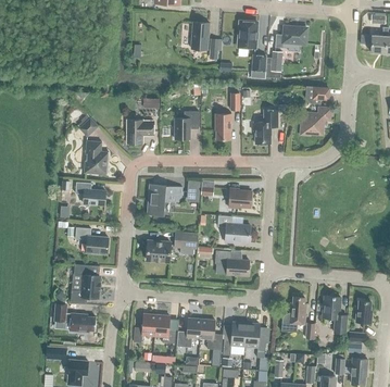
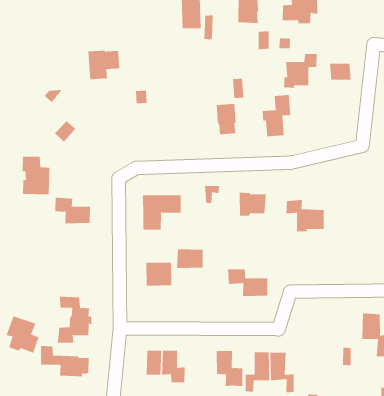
building: [300,107,330,135] -> [283,54,318,88]
building: [175,111,199,138] -> none
building: [127,118,153,142] -> [88,50,120,80]
building: [84,140,109,174] -> [22,156,50,195]
building: [217,215,250,242] -> [286,200,325,232]
building: [75,226,109,253] -> none
building: none -> [6,316,39,353]
building: [280,296,306,332] -> none
building: [177,317,201,347] -> none

